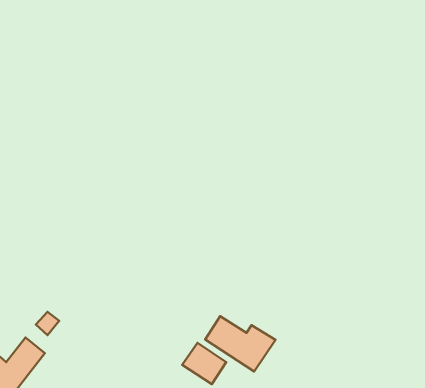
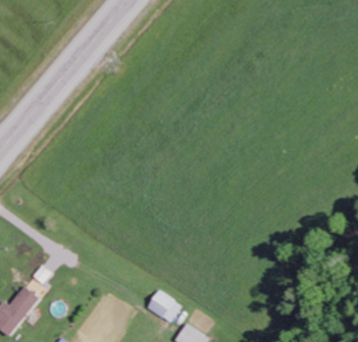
building: [205,316,276,372] -> none

